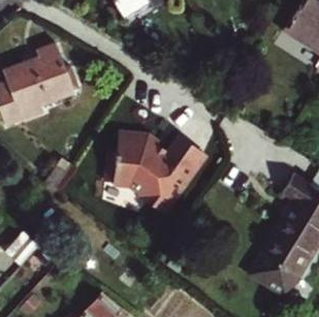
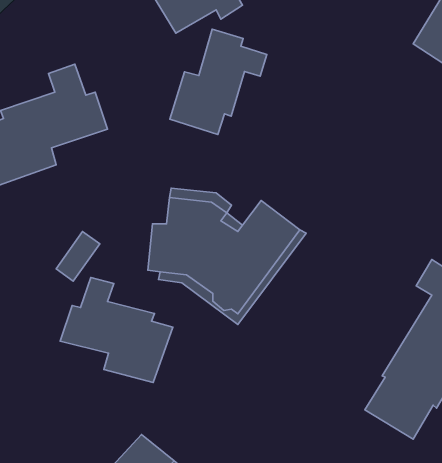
building: none -> [170,29,267,134]
building: none -> [60,278,173,382]

